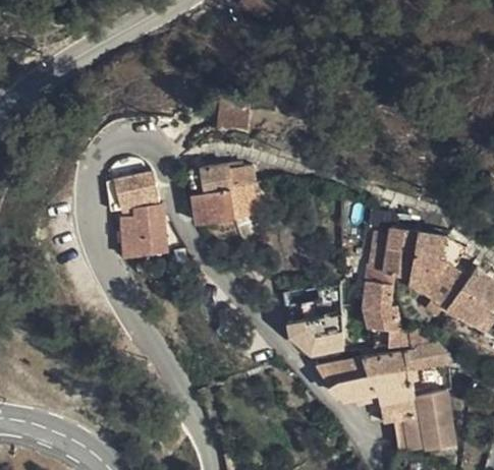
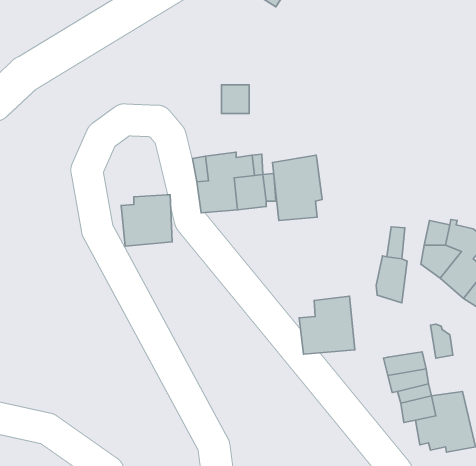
building: none -> [272,155,322,221]
building: [115,174,161,209] -> none
building: [385,226,411,273] -> none
building: [362,302,407,348] -> none
building: [321,362,376,402] -> none

